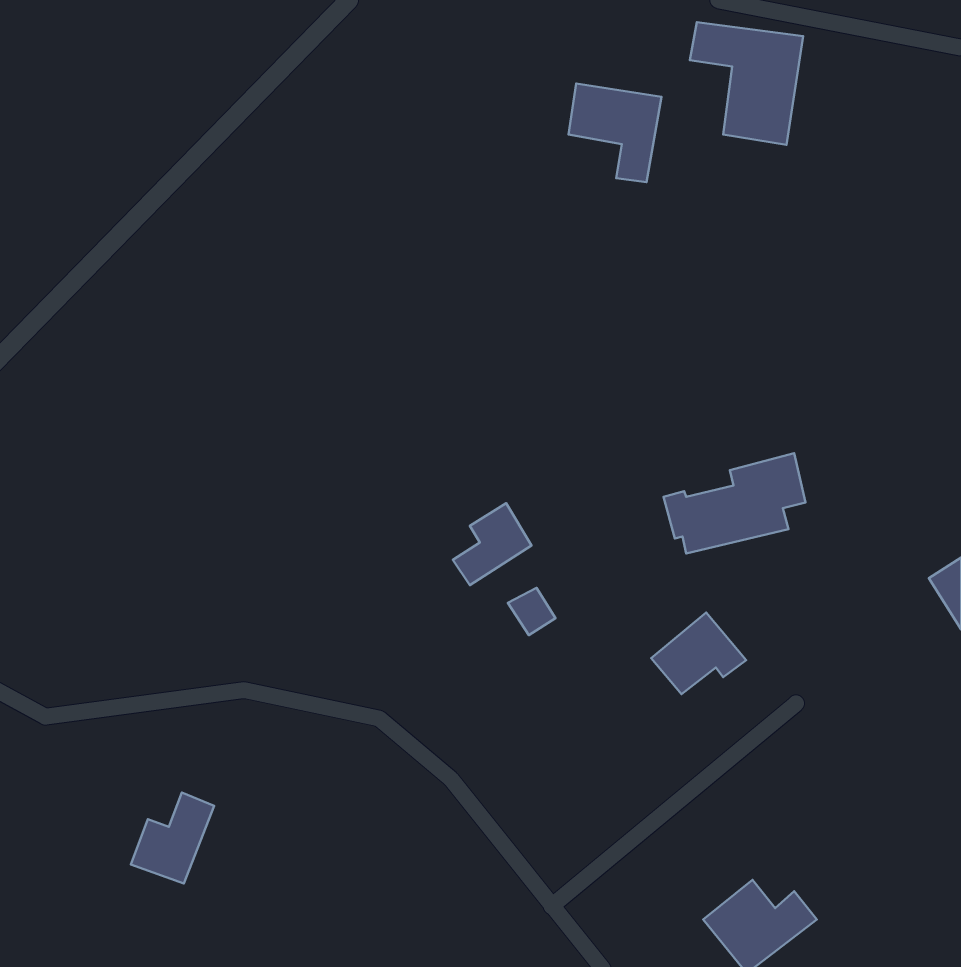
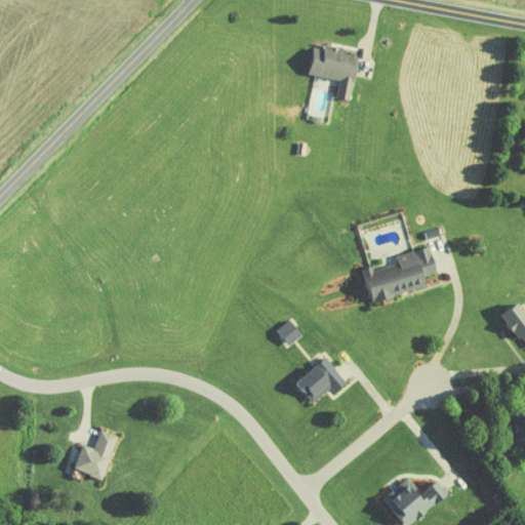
building: [690,22,803,145] -> none
building: [453,503,532,585] -> none
building: [651,613,746,694] -> [294,358,346,402]

